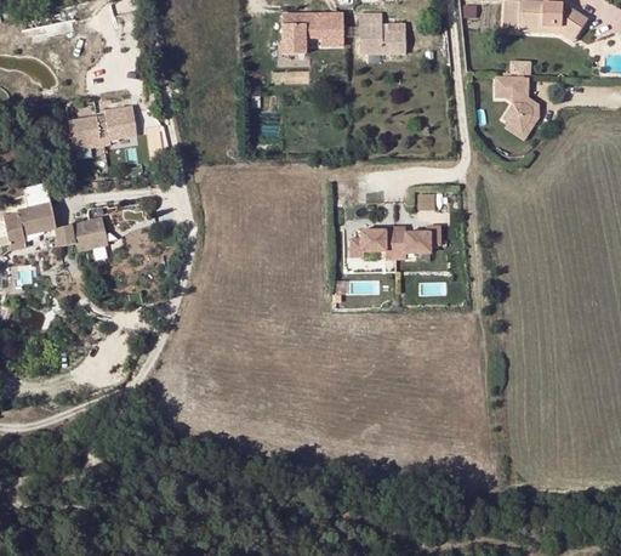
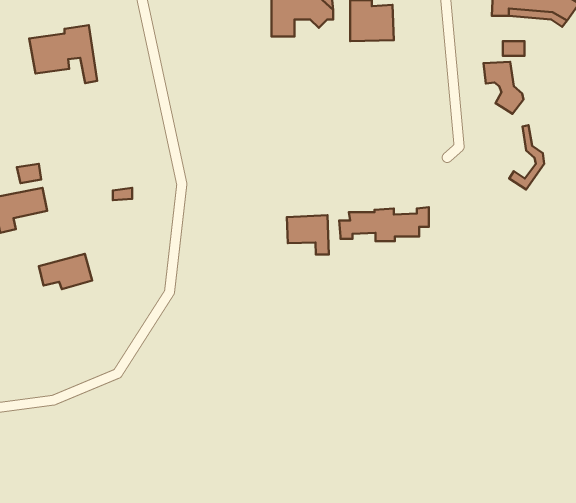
building: [506,76,541,141] -> [509,125,544,189]
building: [73,102,141,160] -> [29,25,97,83]
building: [56,215,109,250] -> [39,254,92,289]
building: none -> [287,215,329,255]

